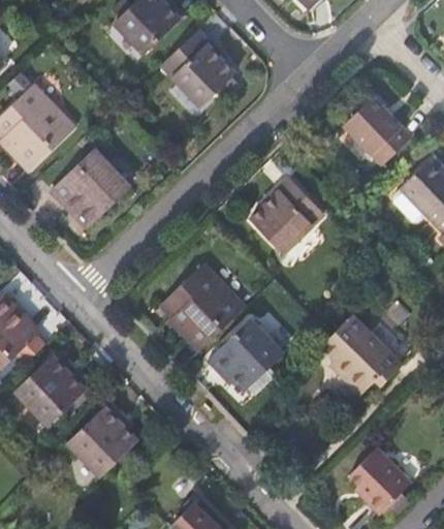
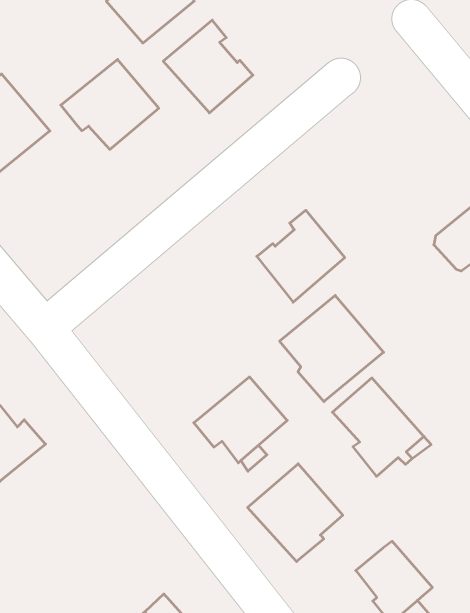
building: [344,96,412,164] -> none
building: [53,151,132,224] -> [61,59,159,149]
building: [160,261,245,348] -> [280,295,384,402]
building: none -> [248,464,343,562]
building: [65,400,135,475] -> none

